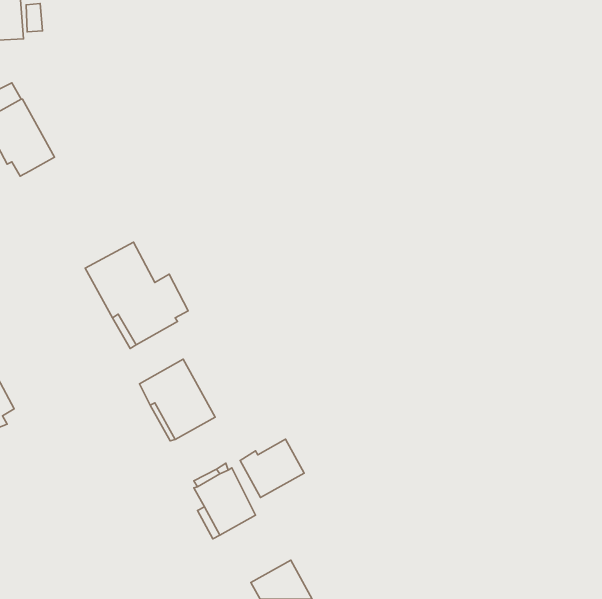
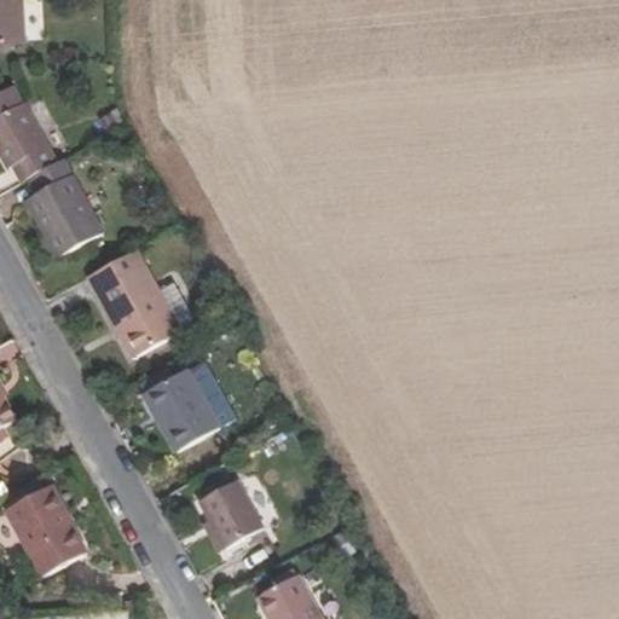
building: none -> [25,157,103,256]
building: [240,439,304,498] -> none
building: none -> [6,485,86,575]

